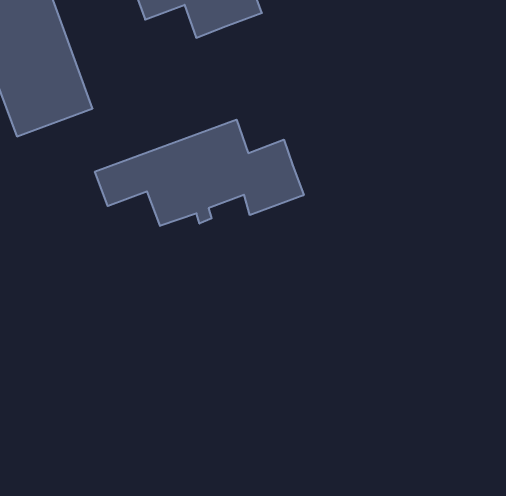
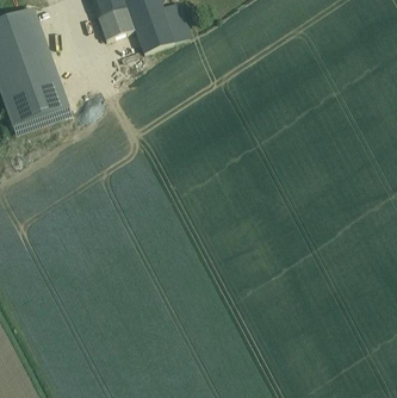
building: [95,120,304,226] -> none

